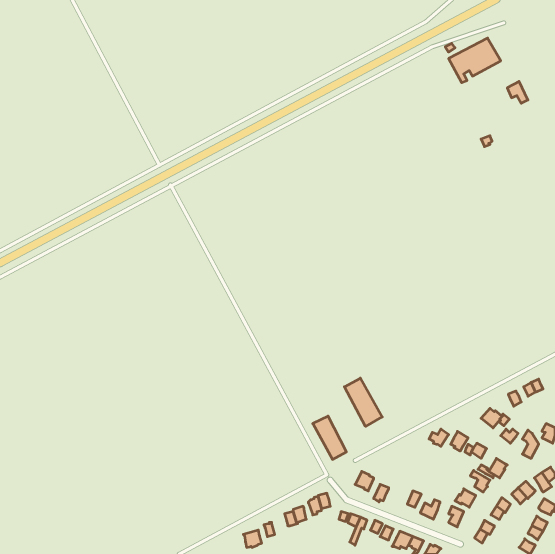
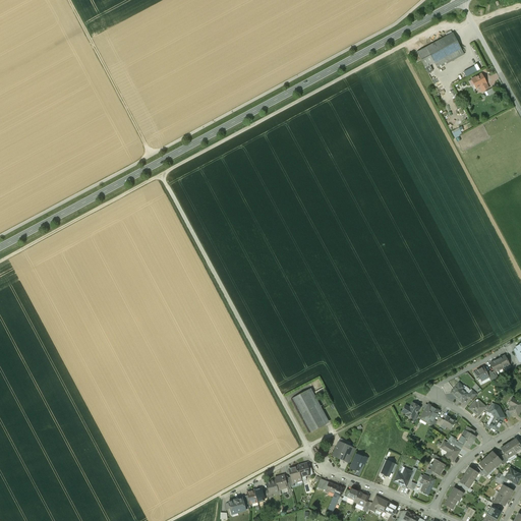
building: [344,378,382,426] -> none

